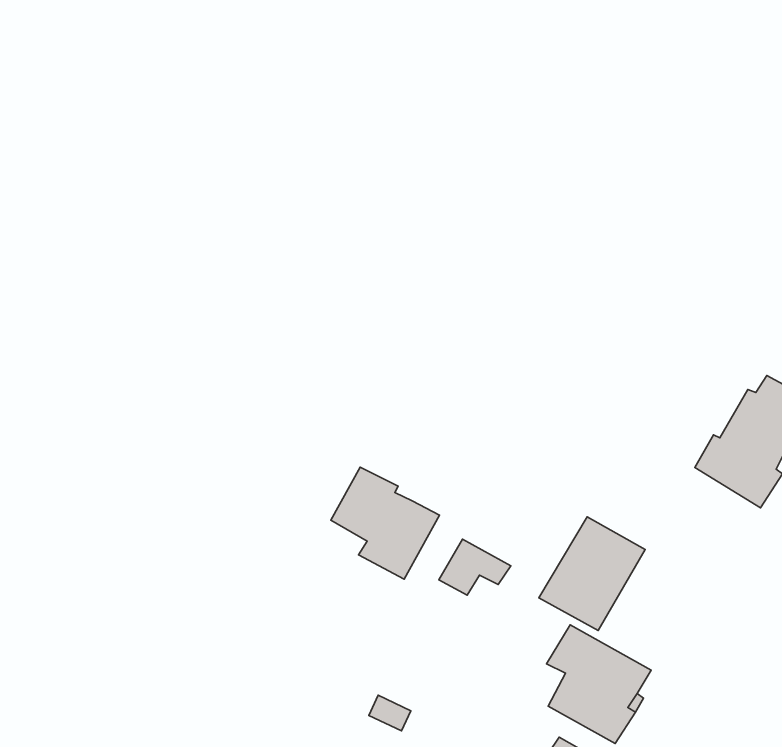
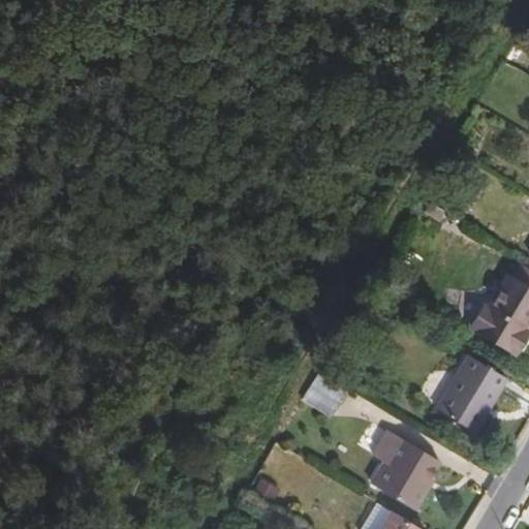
building: [331,467,440,579] -> none
building: [539,517,645,631] -> [435,356,505,432]

